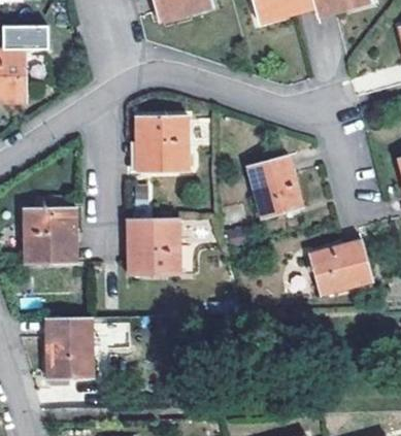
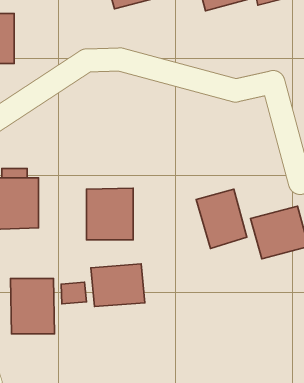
building: [135,114,188,173] -> none
building: [246,154,302,219] -> [196,189,247,248]
building: none -> [91,264,145,307]

